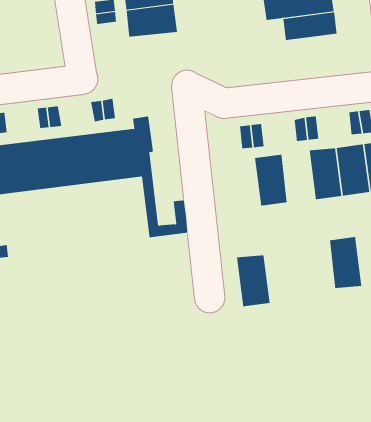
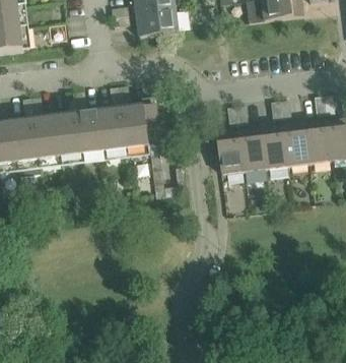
building: [283,12,337,41] -> none
building: [329,236,362,289] -> [261,124,287,166]
building: [236,255,271,307] -> [216,130,244,172]

